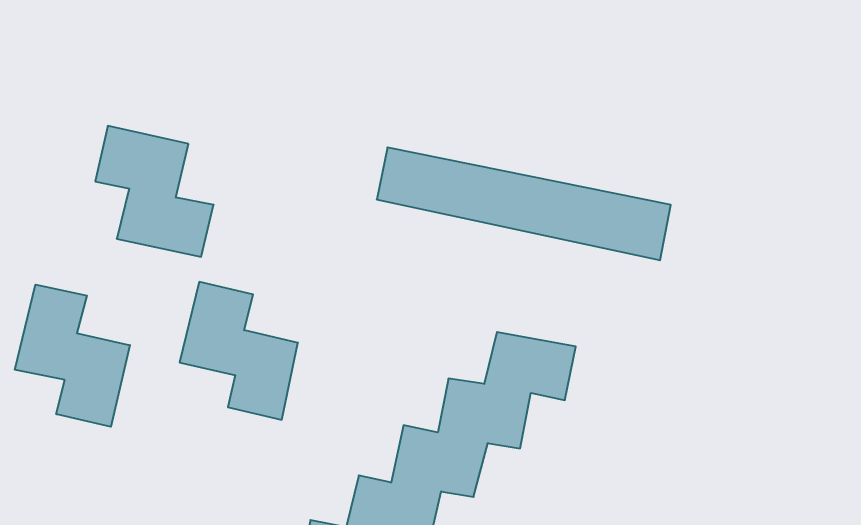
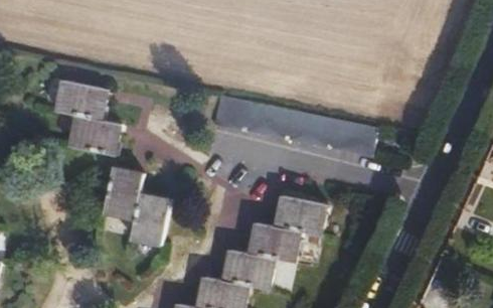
building: [15,285,130,427] -> none

